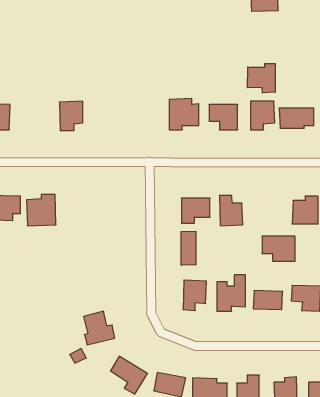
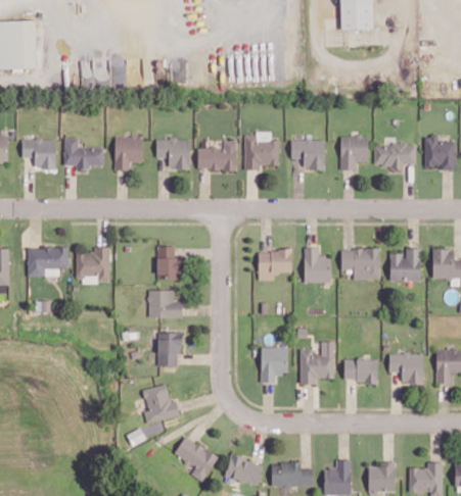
building: [248,64,275,93] -> none
building: none -> [64,138,103,167]
building: none -> [156,139,190,169]
building: none -> [197,140,237,170]
building: none -> [157,246,182,280]
building: [181,231,196,265] -> none
building: none -> [148,290,183,318]
building: [262,236,295,261] -> [341,249,380,279]
building: none -> [158,332,181,365]

